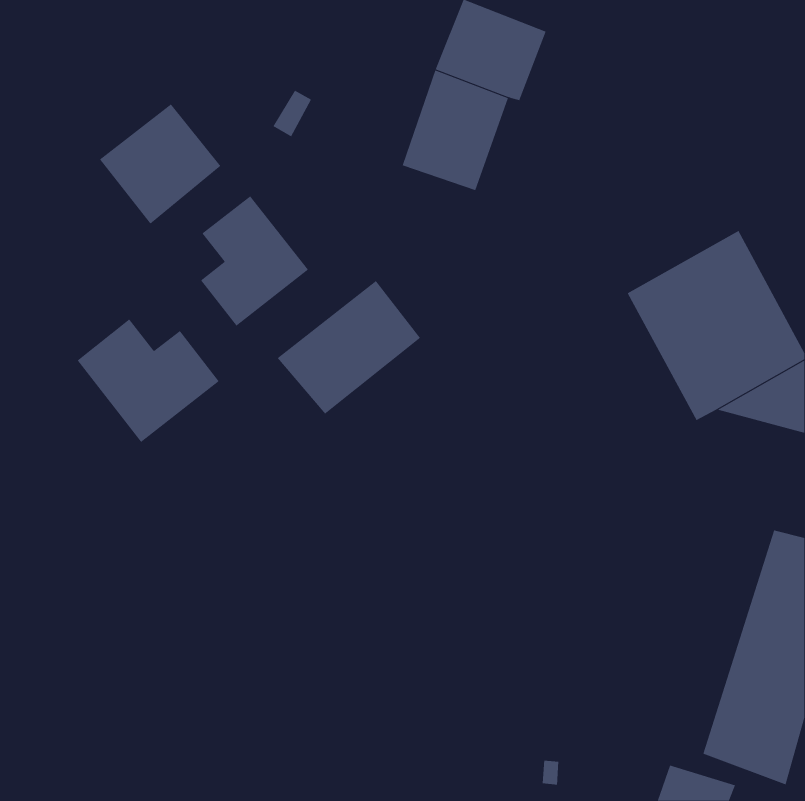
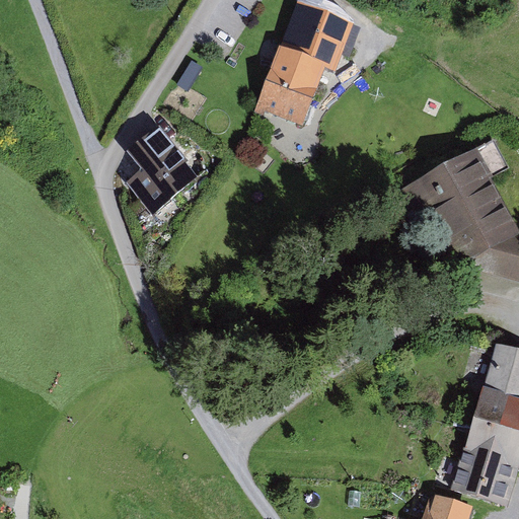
building: [99,103,221,225] -> none
building: [277,280,421,414] -> none
building: [77,319,220,443] -> none

